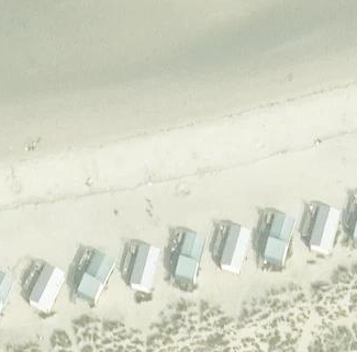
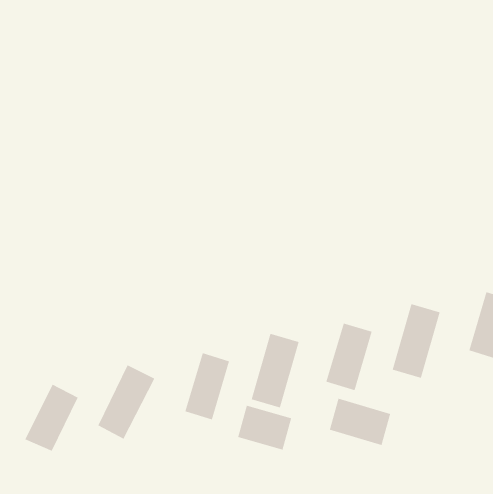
building: none -> [329,398,391,446]
building: none -> [238,405,292,451]

